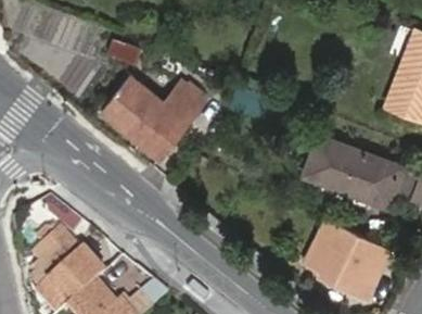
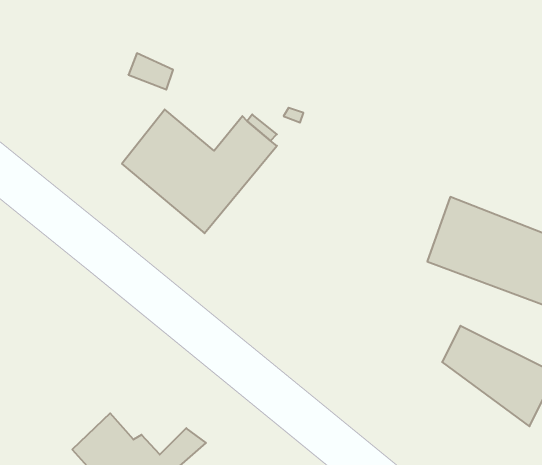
building: [49,241,105,300] -> none
building: [304,241,372,299] -> none

